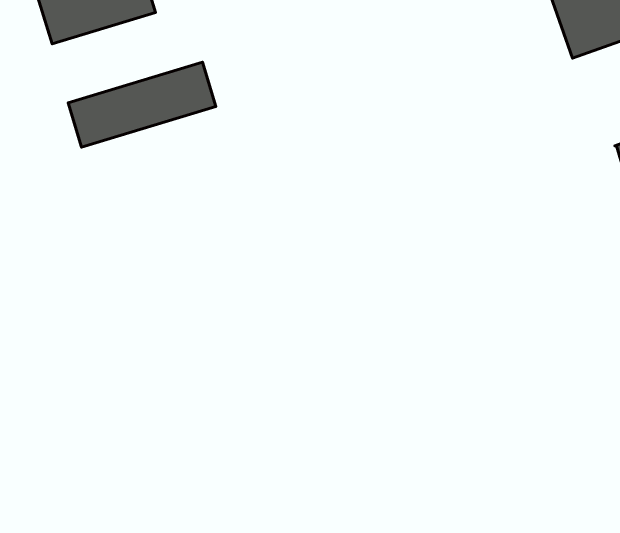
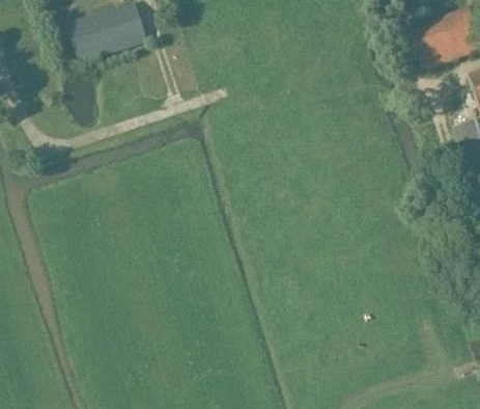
building: [68,62,216,147] -> none

